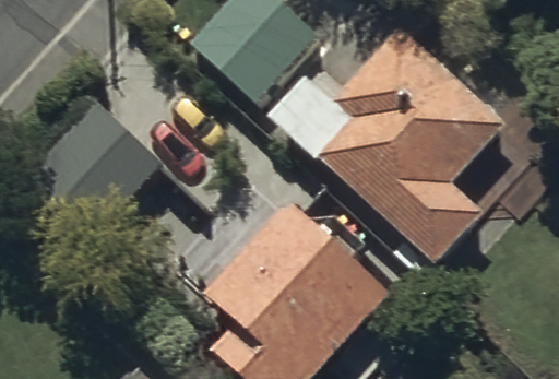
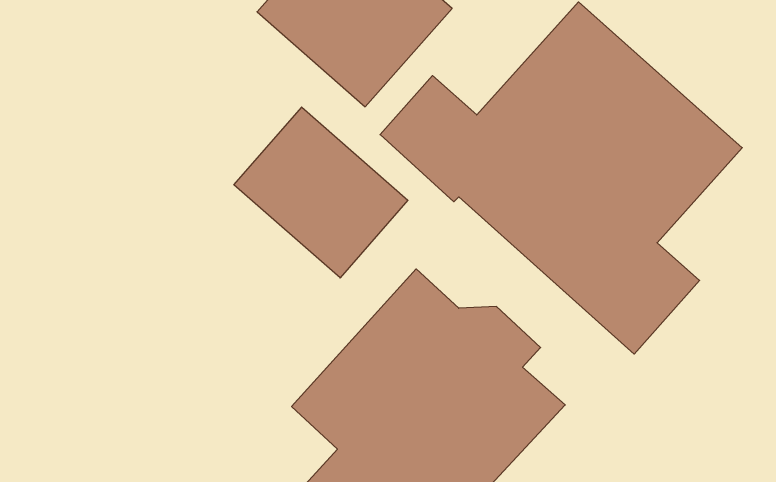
building: none -> [234,107,408,278]
building: [20,97,160,238] -> none

